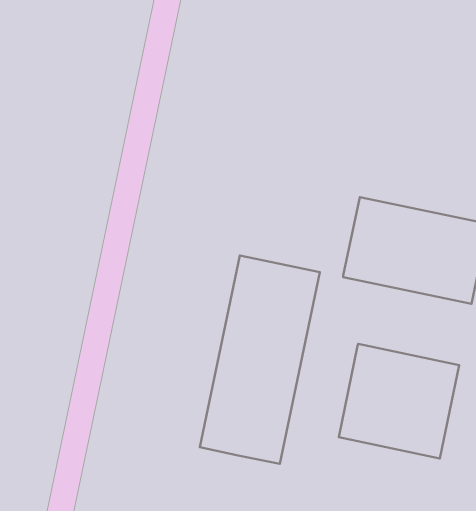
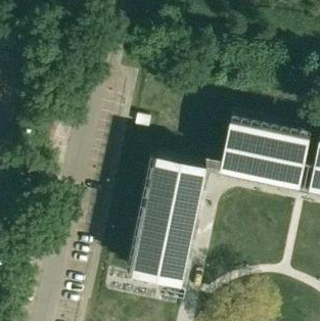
building: [339,344,459,458] -> none

